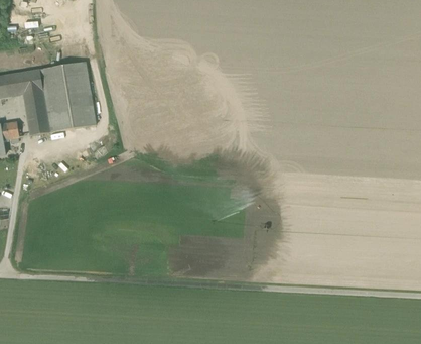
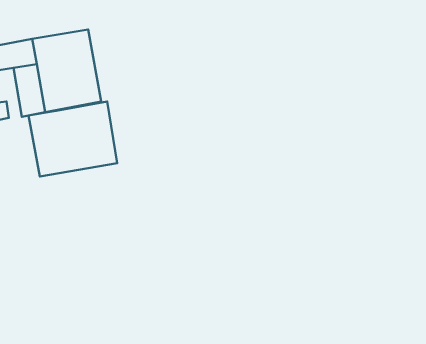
building: none -> [29,102,117,176]

